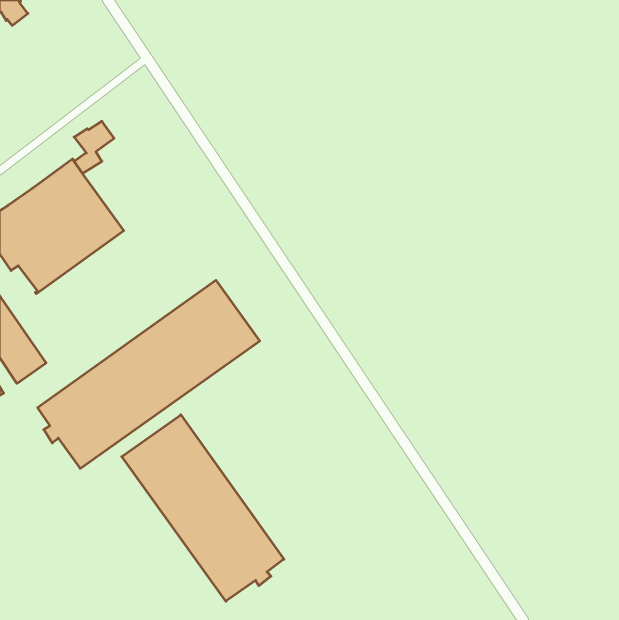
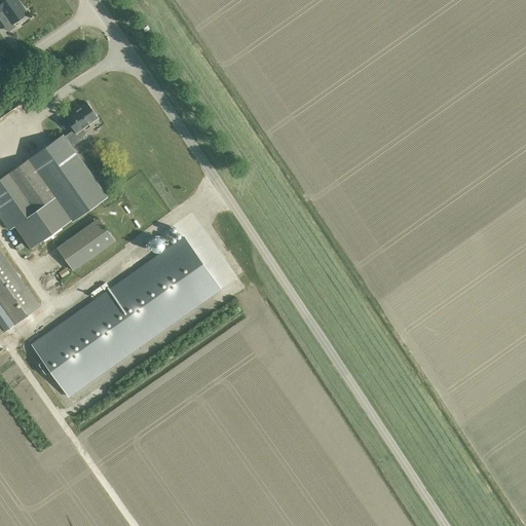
building: none -> [57,218,114,270]
building: [122,415,284,601] -> none

